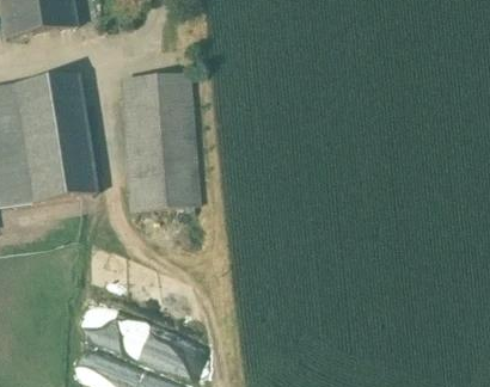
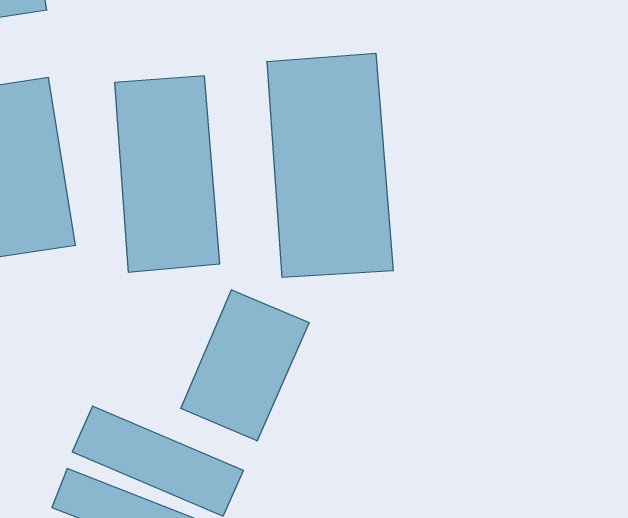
building: none -> [267,53,393,277]
building: none -> [181,290,309,441]

